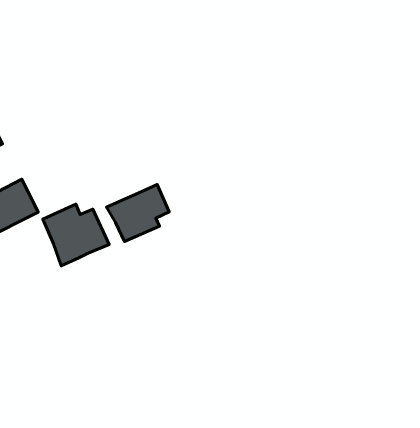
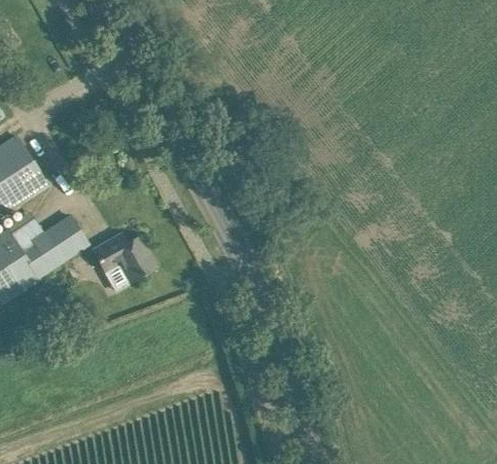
building: [106,184,169,241] -> none

